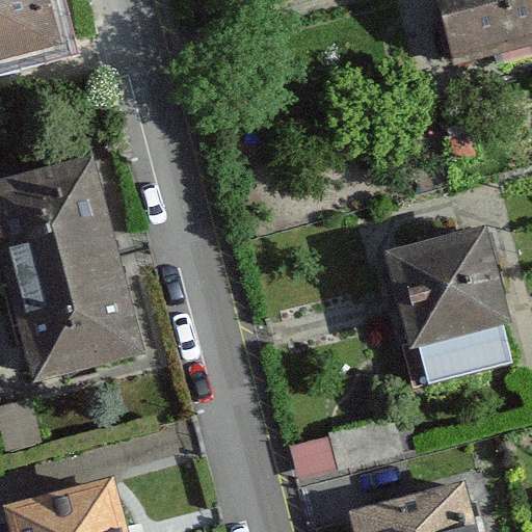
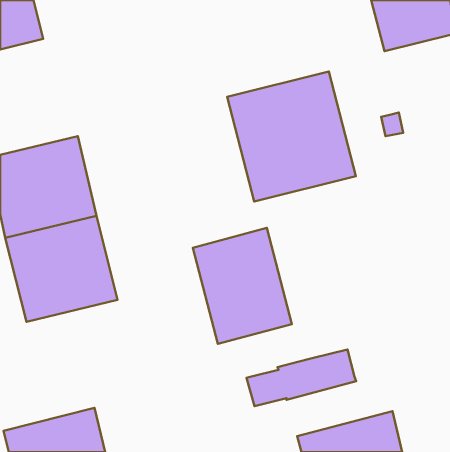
building: none -> [227,72,356,201]
building: [389,229,509,381] -> none
building: none -> [193,228,292,344]

